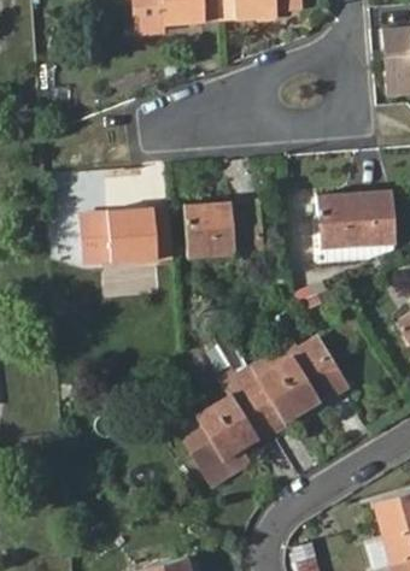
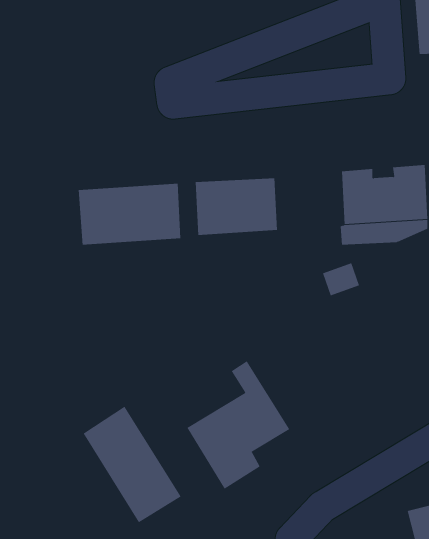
building: [213,332,344,429] -> none
building: none -> [83,406,181,523]

